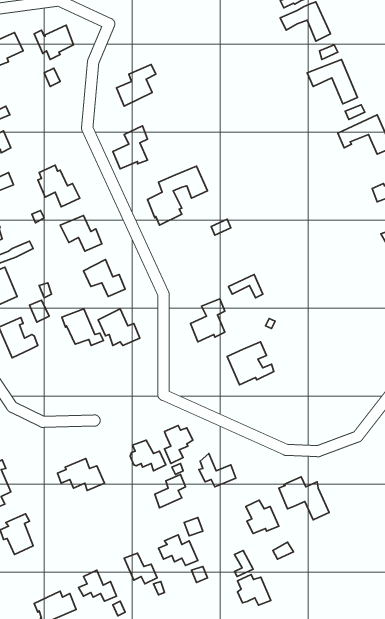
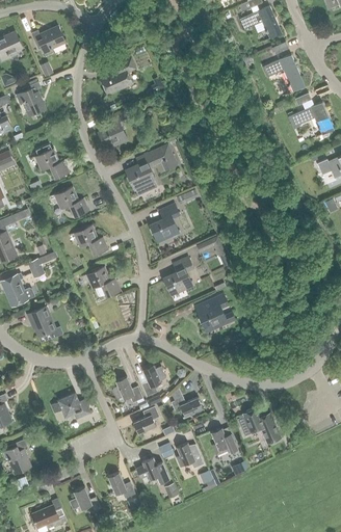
building: none -> [17,81,45,115]
building: none -> [150,204,179,240]
building: [62,309,104,346] -> [27,305,62,337]
building: [237,575,271,605] -> [176,442,204,468]

